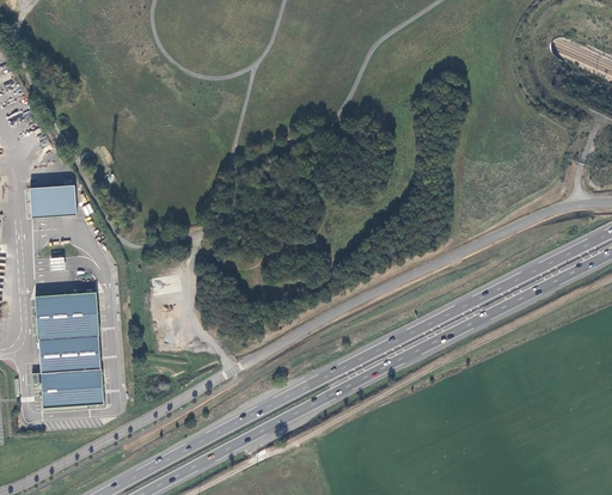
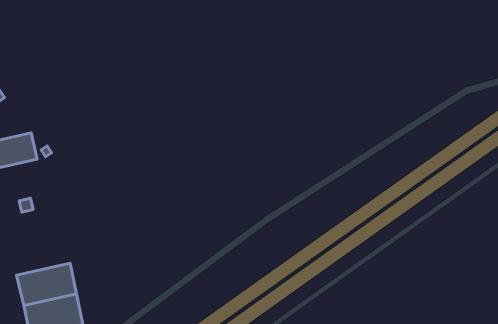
building: [35,291,98,337] -> none

